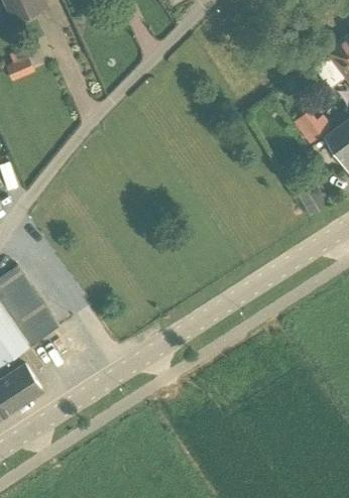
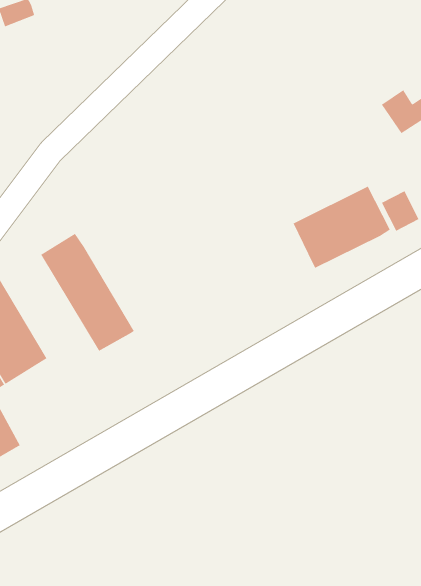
building: none -> [293,186,391,269]
building: none -> [40,233,135,352]

